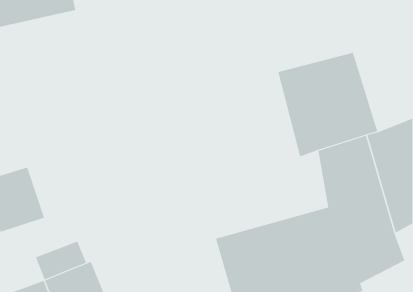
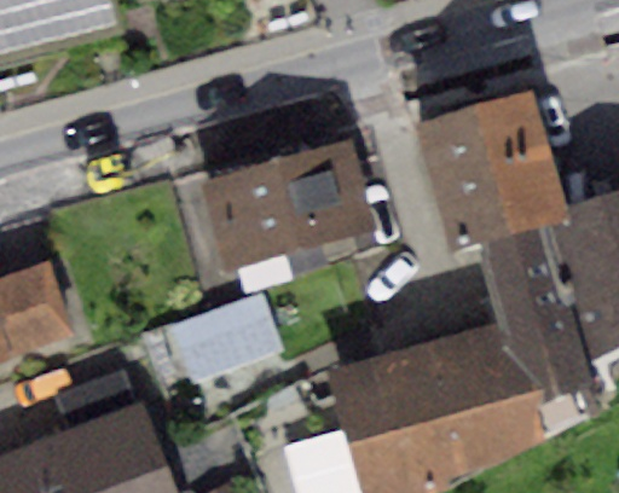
building: none -> [197,138,372,289]
building: none -> [168,292,280,383]

